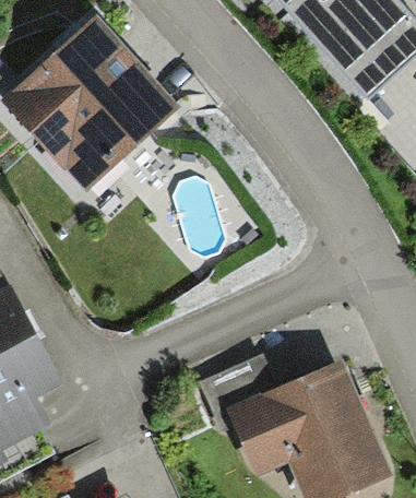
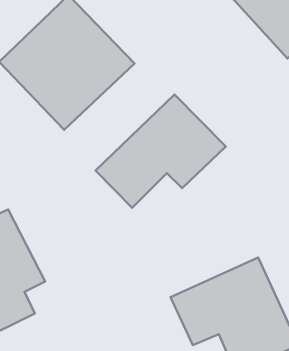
building: none -> [95,94,226,208]

